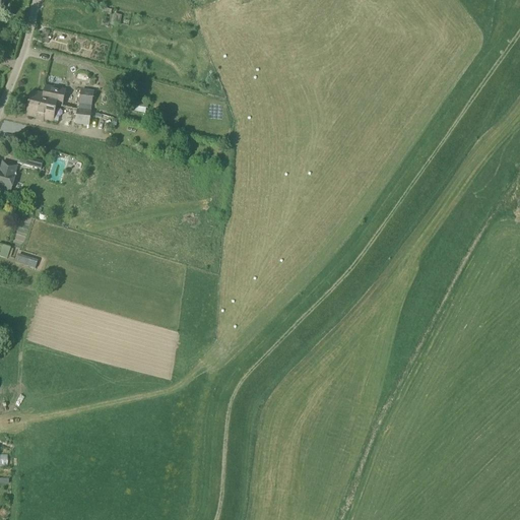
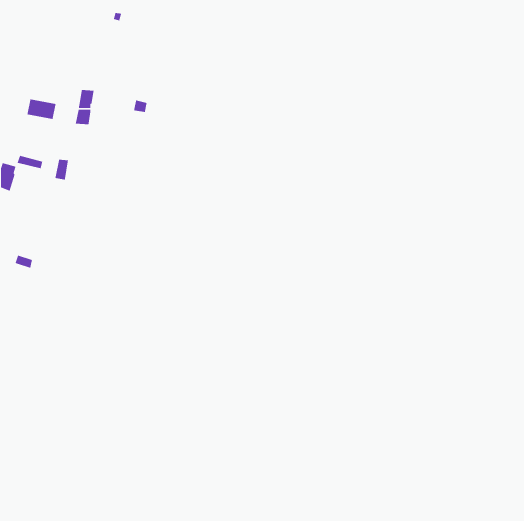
building: [29,84,65,104] -> none

